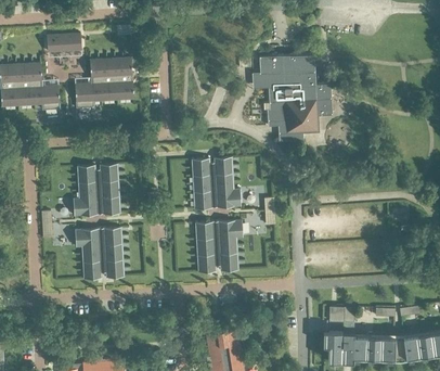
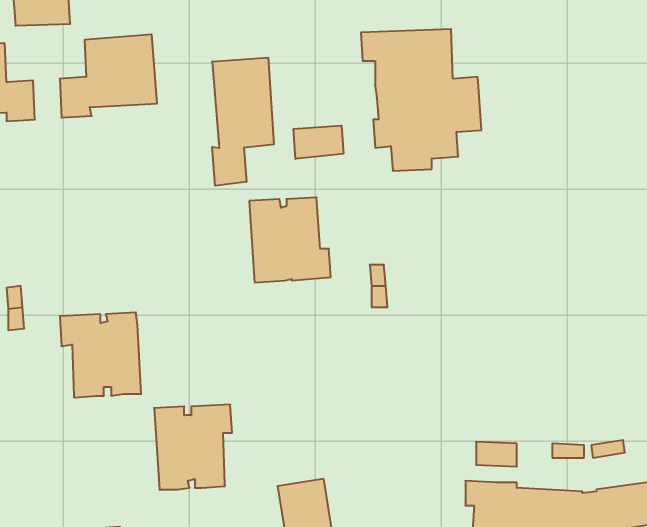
building: none -> [212,58,274,186]
building: none -> [294,126,343,159]
building: [73,164,120,217] -> none
building: [195,220,243,272] -> [154,405,232,490]

